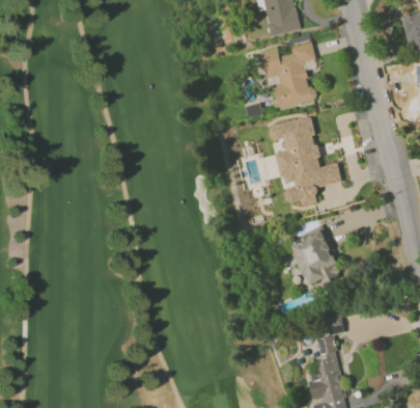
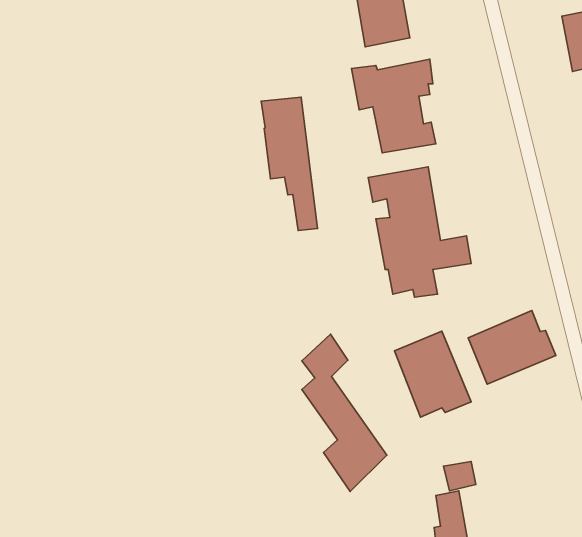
building: none -> [261,97,318,230]
building: none -> [468,310,556,384]
building: none -> [302,334,387,492]

